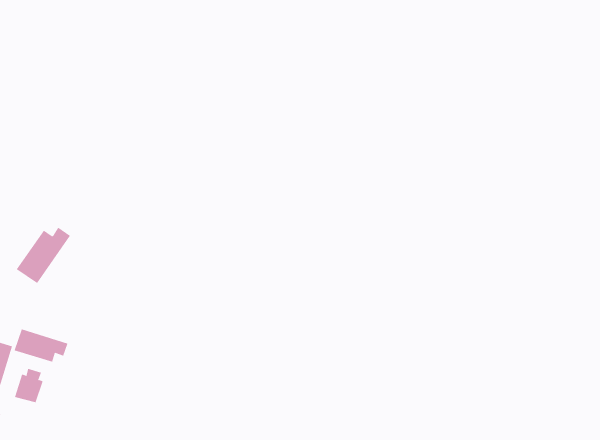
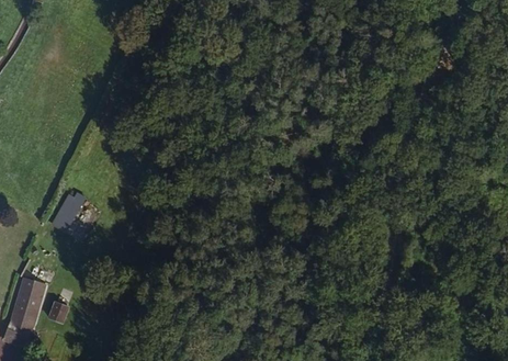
building: [14,328,68,362] -> none

